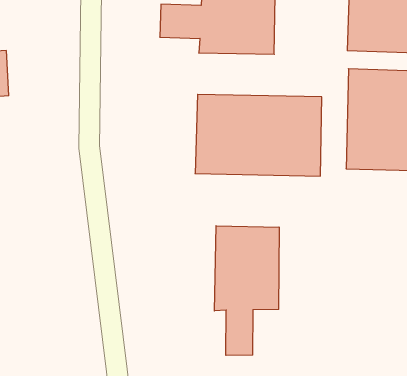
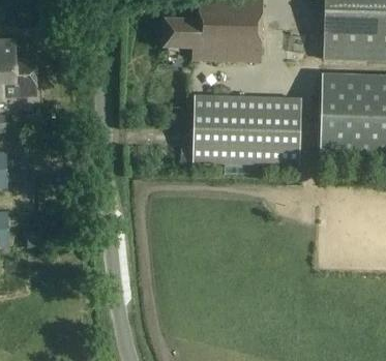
building: [214,226,279,355] -> none

